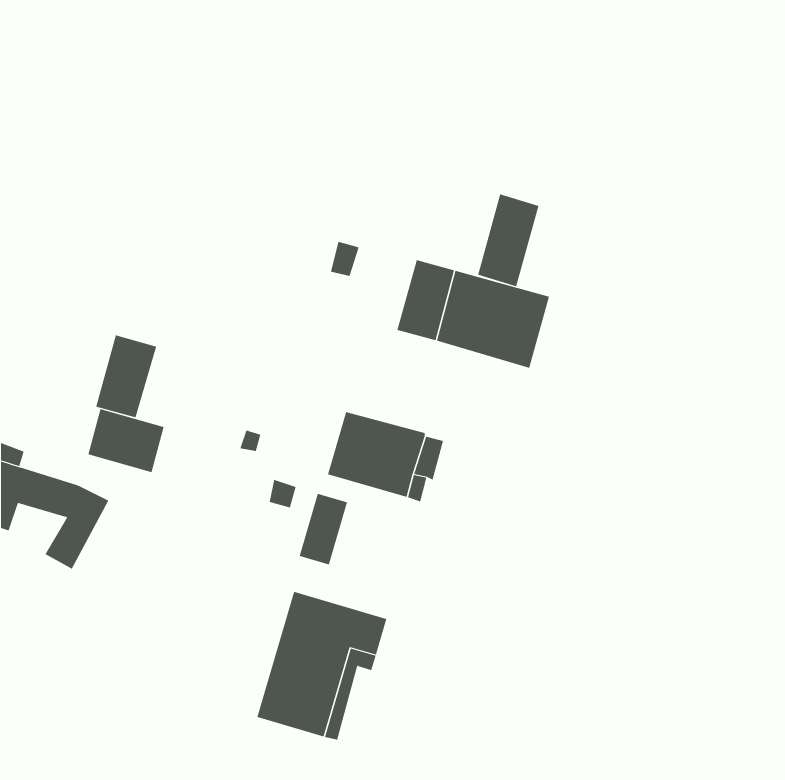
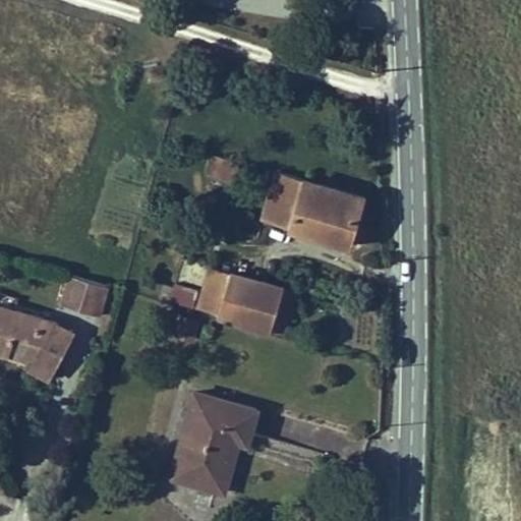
building: [477,194,539,287] -> none
building: [96,334,157,418] -> none
building: [299,493,348,565] -> [196,270,229,317]

